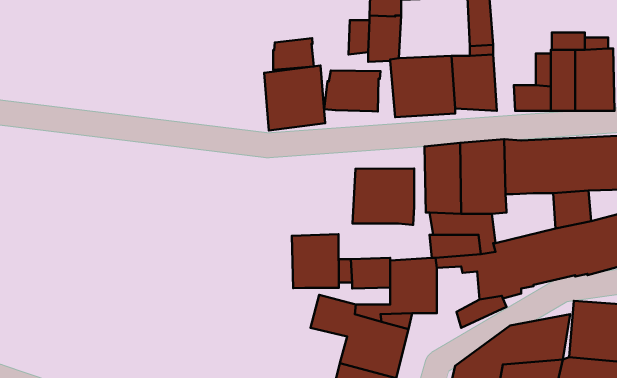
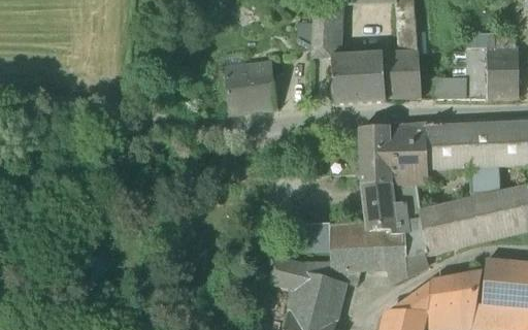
building: [273,38,314,70] -> none
building: [324,71,380,112] -> none
building: [353,168,414,225] -> none
building: [292,234,339,288] -> none
building: none -> [370,229,406,268]

